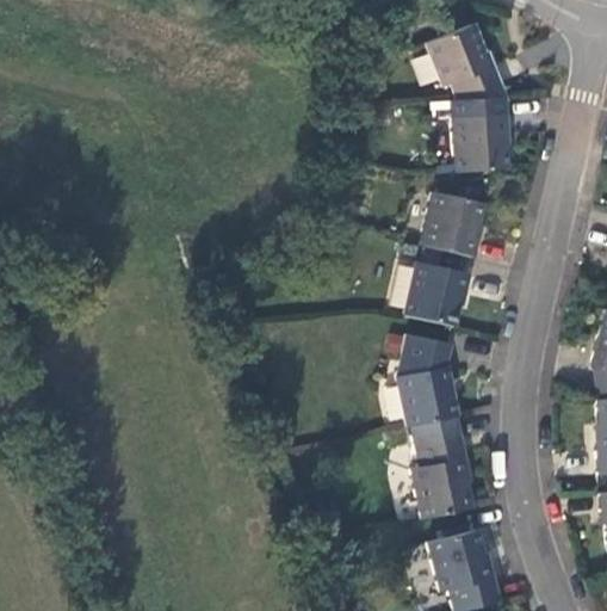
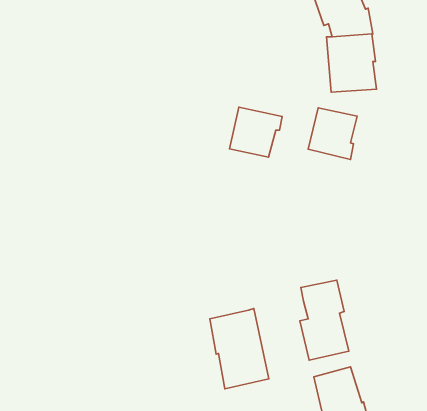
building: [404,263,472,327] -> [230,107,282,157]
building: [398,334,458,426] -> none
building: none -> [210,309,269,389]

